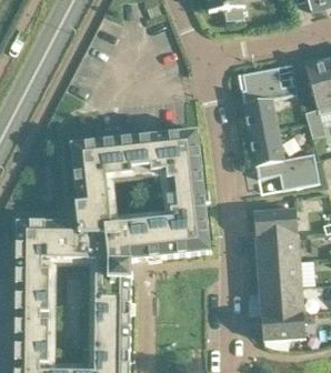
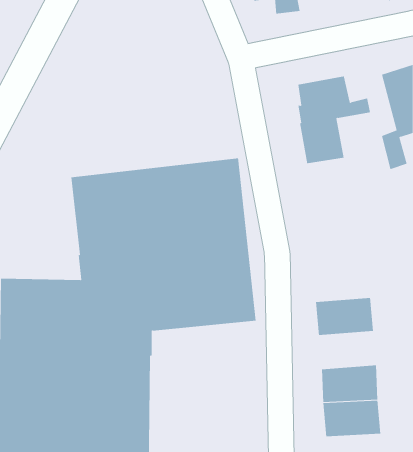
building: [249,129,320,190] -> none
building: [254,209,298,238] -> none
building: [258,260,302,289] -> none

